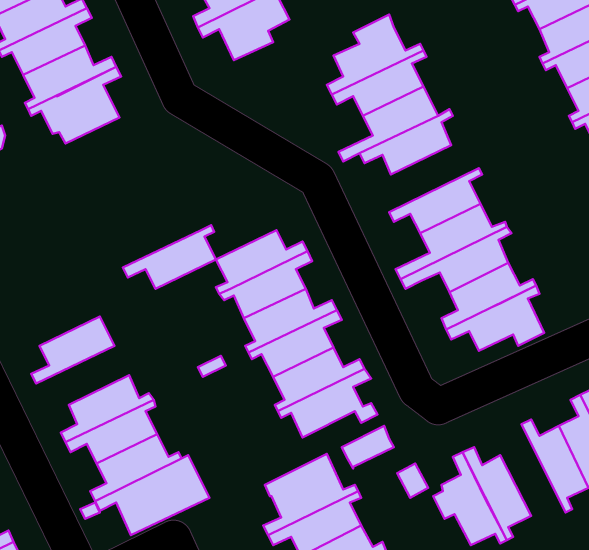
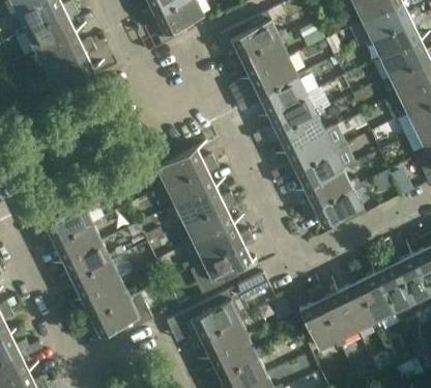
building: none -> [263,95,323,138]
building: [123,225,216,289] -> [42,220,102,260]
building: none -> [337,273,378,331]

